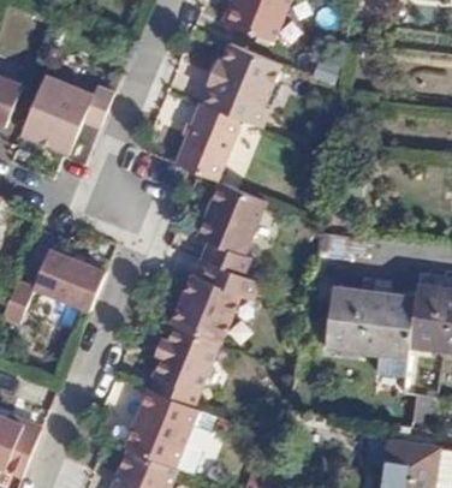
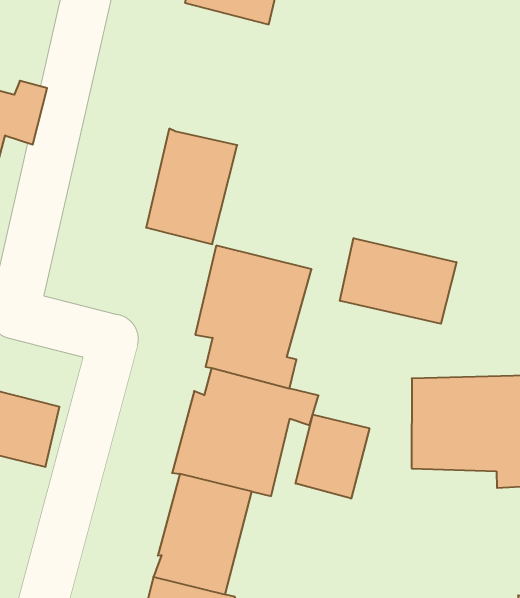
building: [203,46,282,130] -> none
building: none -> [340,238,456,324]
building: none -> [296,414,369,499]

